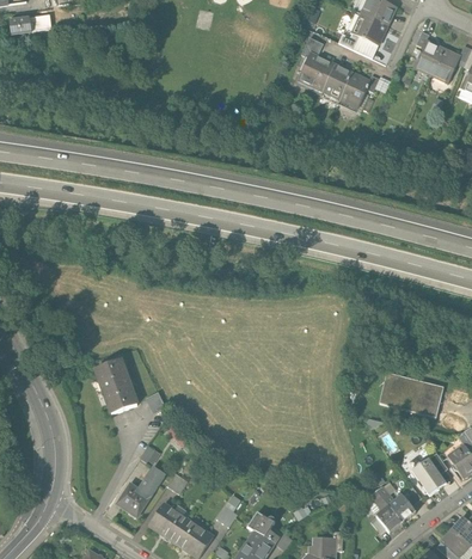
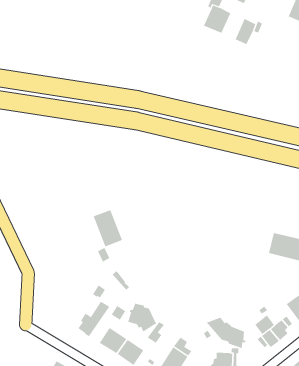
building: [321,63,353,100] -> none
building: [94,360,136,412] -> [93,209,123,247]
building: none -> [128,303,157,332]
building: none -> [206,317,246,349]

